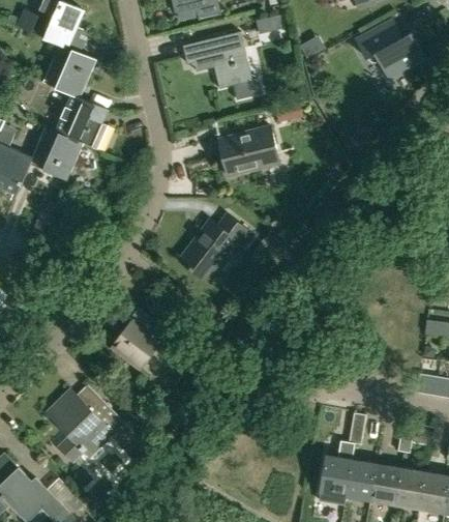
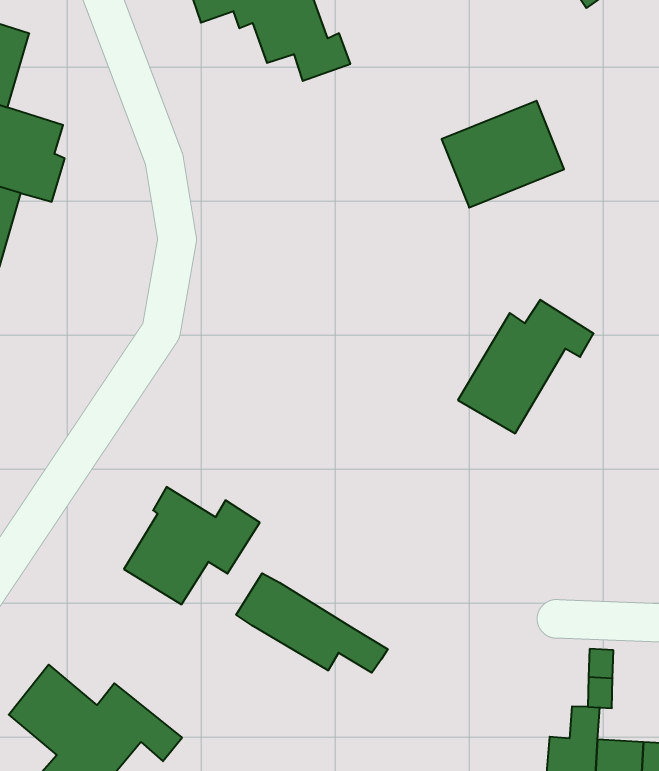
building: [217,126,279,178] -> [442,101,564,208]
building: [178,213,252,282] -> [458,300,594,433]
building: none -> [236,573,388,673]

